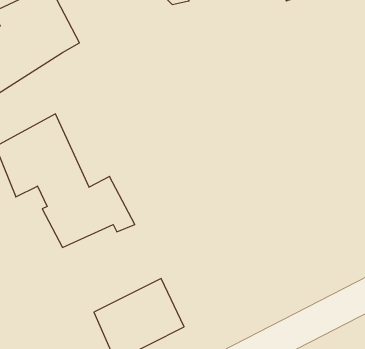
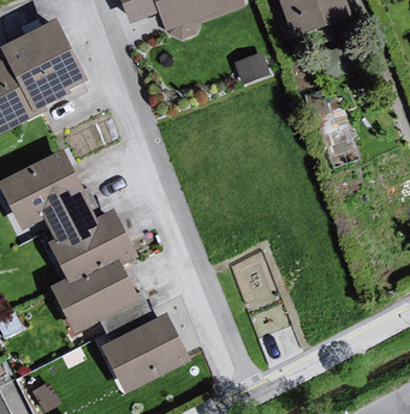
building: none -> [50,258,139,332]

